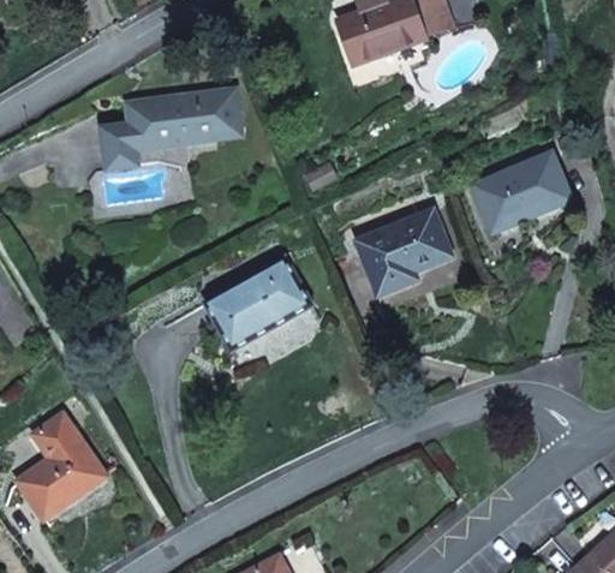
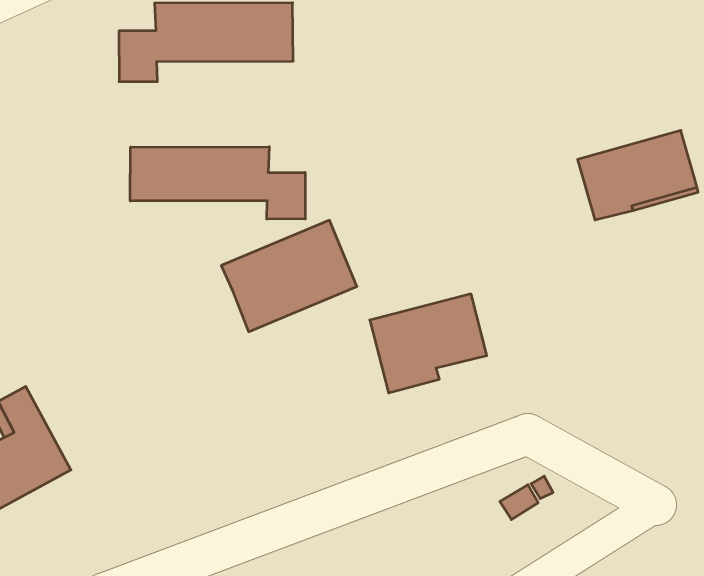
building: none -> [130,147,305,219]
building: [357,209,452,294] -> [370,294,487,393]

